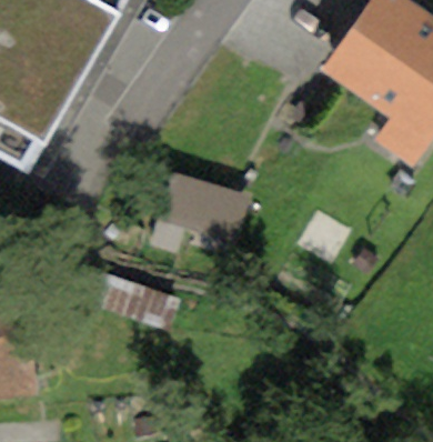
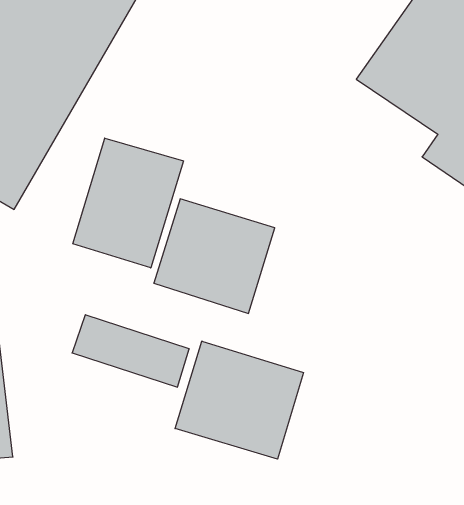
building: none -> [73,138,184,268]
building: none -> [175,341,304,459]

